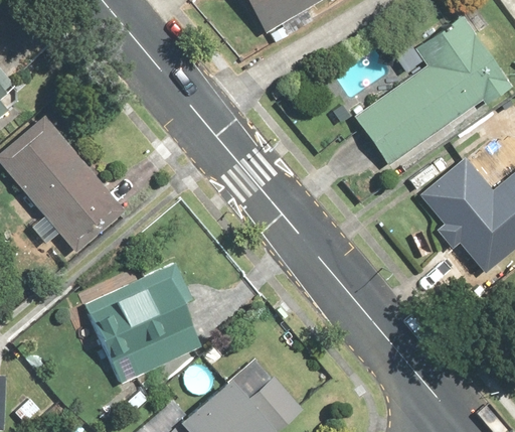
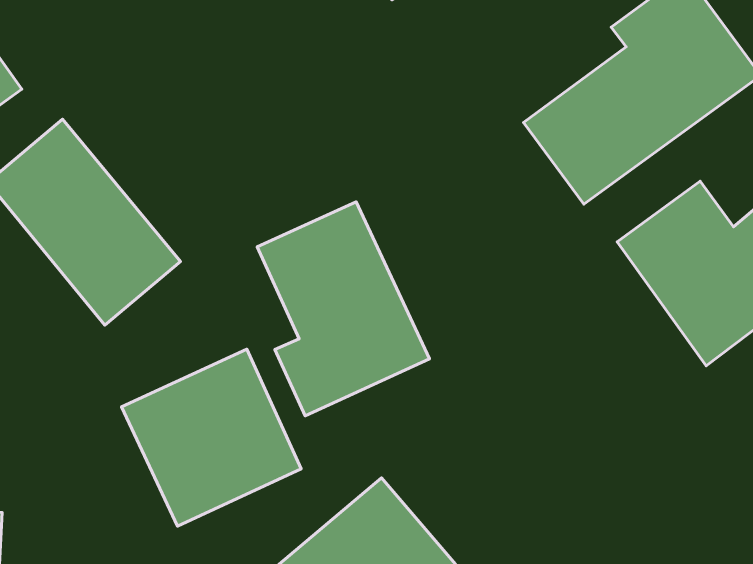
building: none -> [257,202,429,416]

